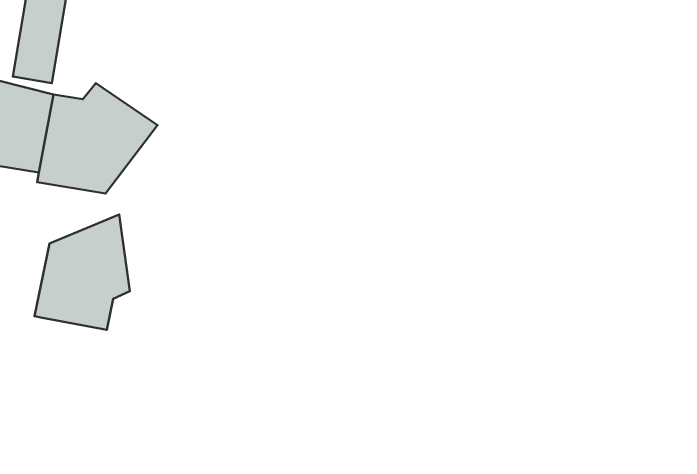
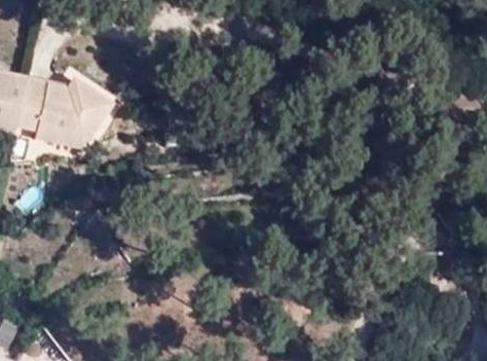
building: [35,214,130,330] -> none

